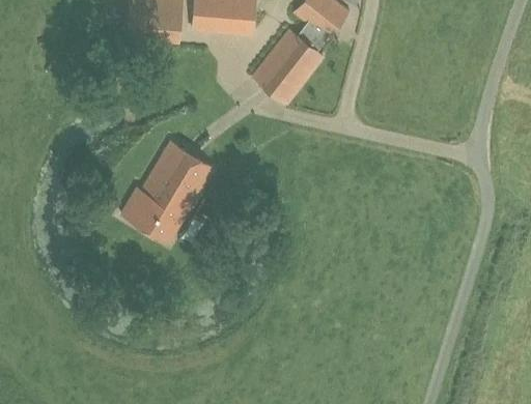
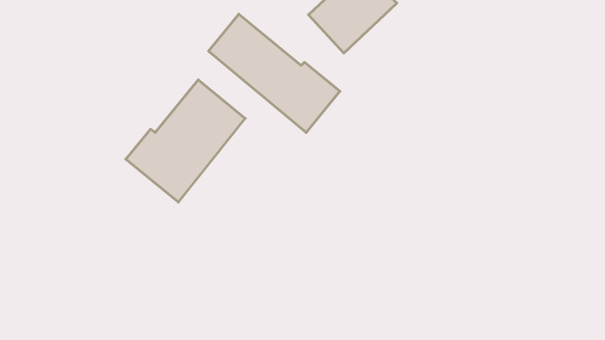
building: none -> [209,14,340,133]

